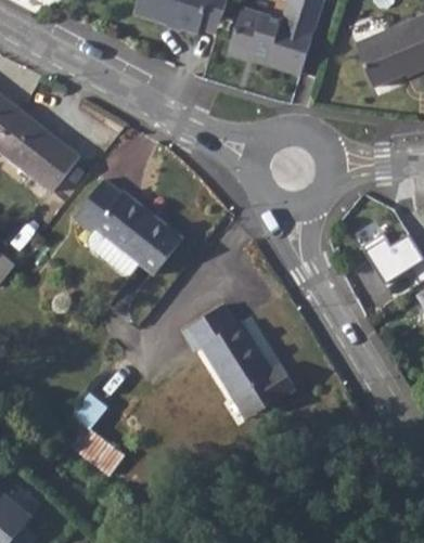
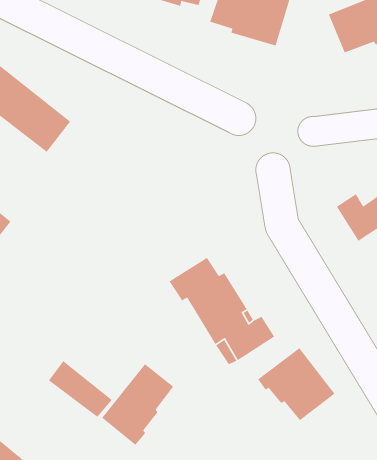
building: [75,177,183,275] -> none
building: none -> [257,347,335,421]
building: none -> [101,363,174,446]

